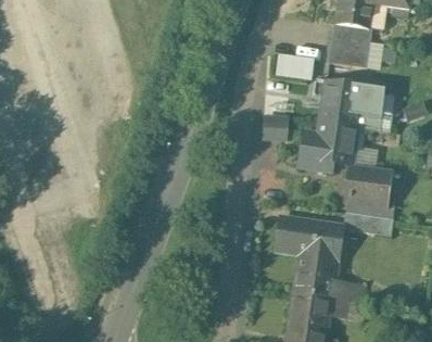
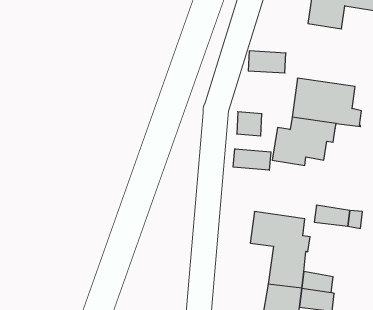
building: [329,25,372,69] -> none
building: none -> [233,149,271,170]
building: [345,167,391,205] -> none

